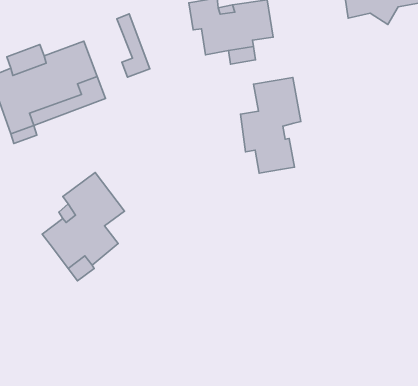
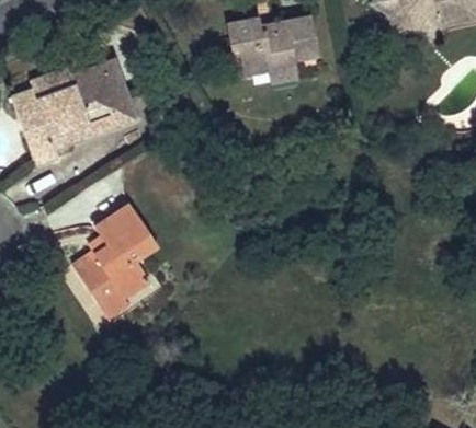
building: [117,14,150,77] -> none
building: [240,77,301,173] -> none

